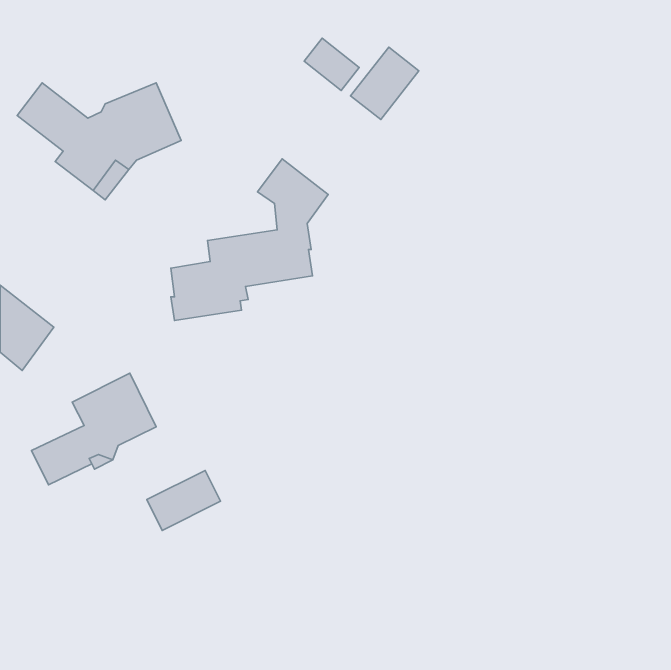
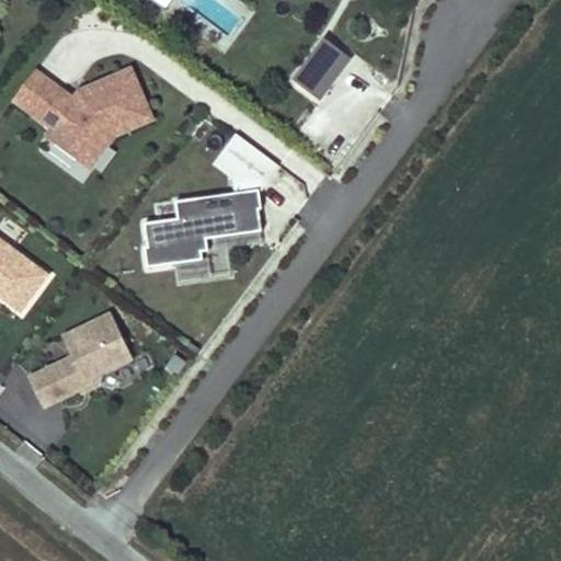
building: [304,38,359,90] -> none
building: [147,471,220,530] -> none

